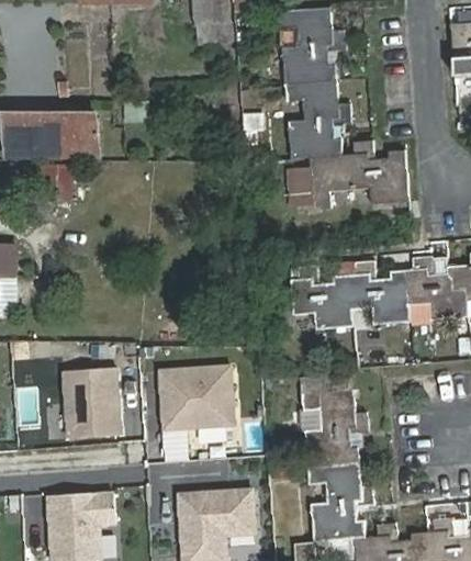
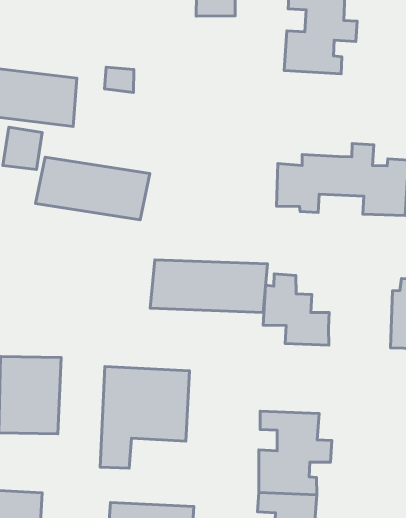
building: [284,80,352,158] -> none
building: none -> [36,157,150,220]
building: none -> [150,260,268,313]
building: [334,260,411,324] -> none

